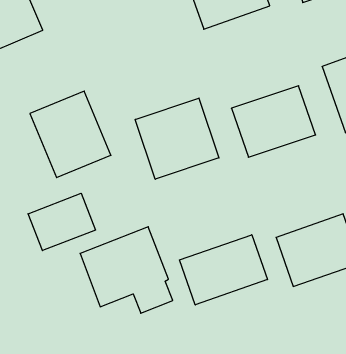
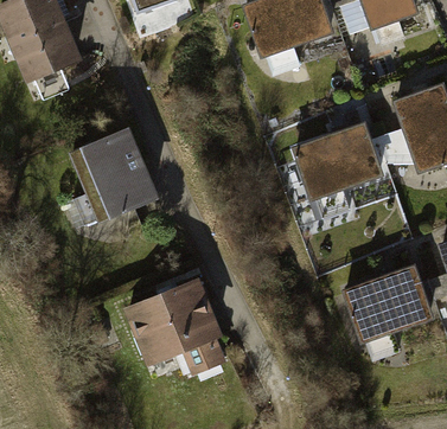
building: [135,98,219,179] -> none
building: [28,193,95,251] -> none
building: [180,235,267,305] -> none

